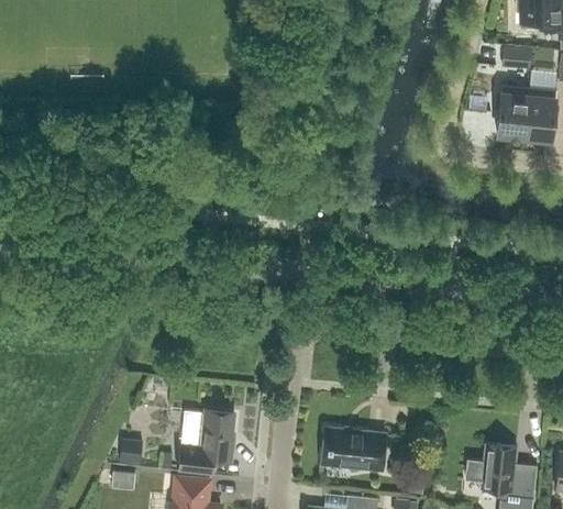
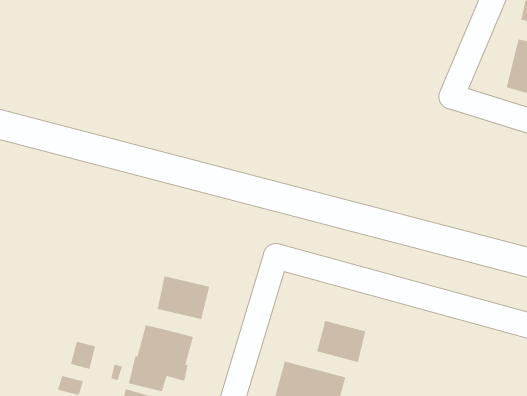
building: none -> [157,276,210,320]
building: none -> [316,320,366,363]

